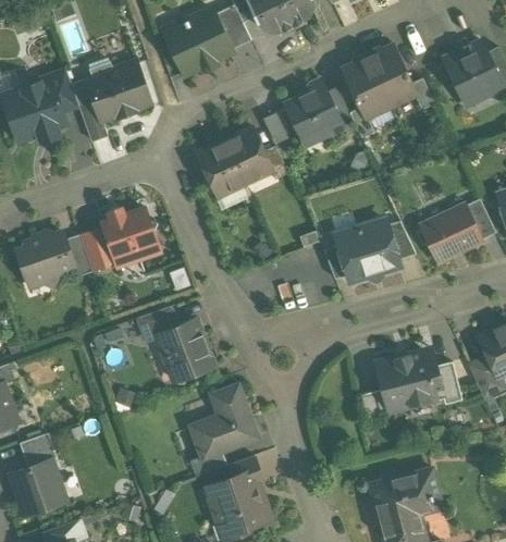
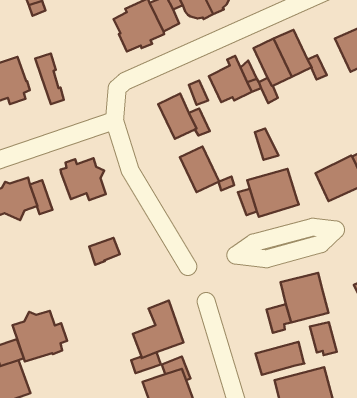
building: [88,61,150,121] -> none
building: [49,70,78,112] -> none
building: [196,140,245,197] -> [180,147,219,192]
building: [386,221,416,260] -> [255,129,278,160]
building: [79,226,115,272] -> none
building: [157,321,212,378] -> none
building: [428,362,461,404] -> [310,322,337,355]
building: none -> [13,311,67,361]
building: none -> [255,342,305,375]

